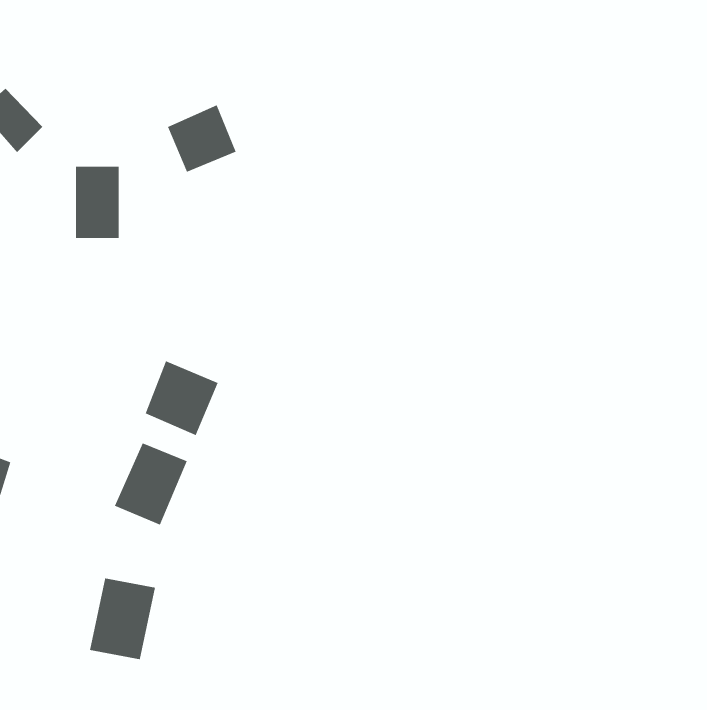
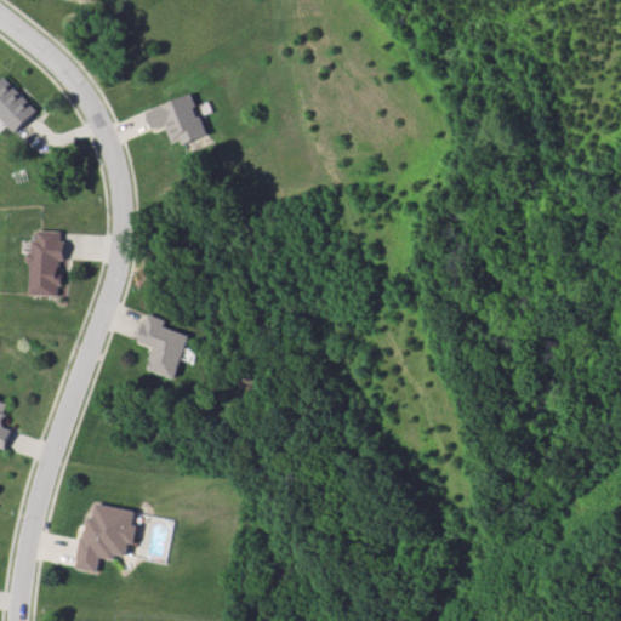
building: [75,166,120,238] -> [27,230,65,294]
building: [114,442,188,526] -> none

